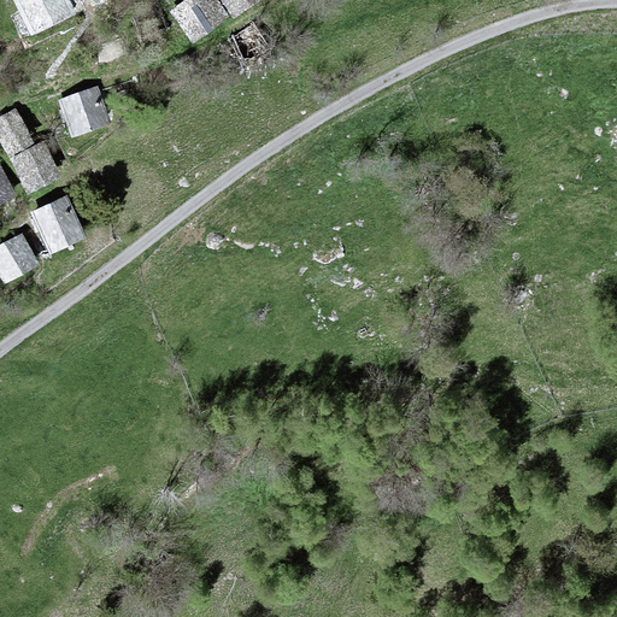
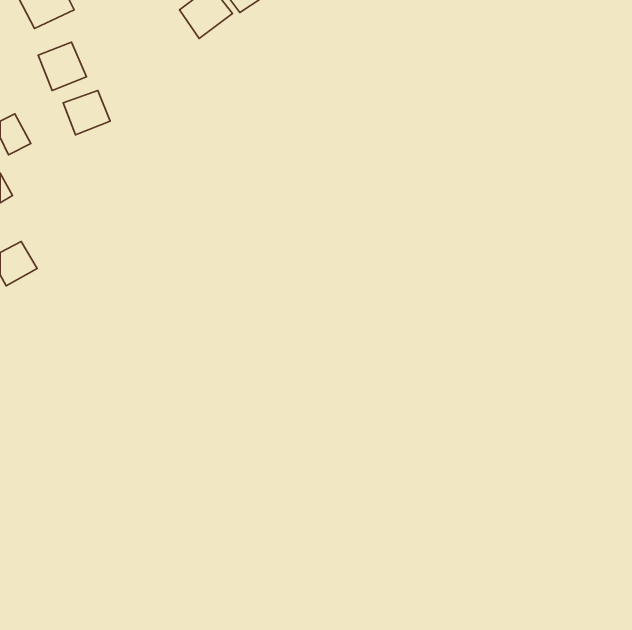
building: none -> [38,42,86,90]
building: [12,143,58,189] -> none
building: [34,198,83,248] -> none

